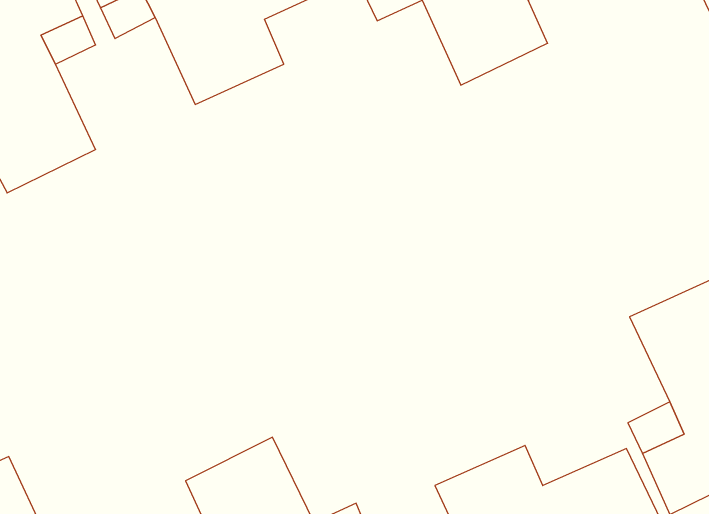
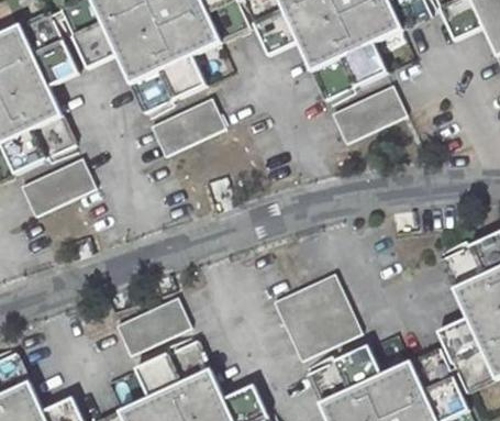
building: none -> [332,85,407,144]
building: none -> [151,99,225,156]
building: none -> [22,159,96,217]
building: none -> [274,274,362,359]
building: none -> [116,297,190,355]

